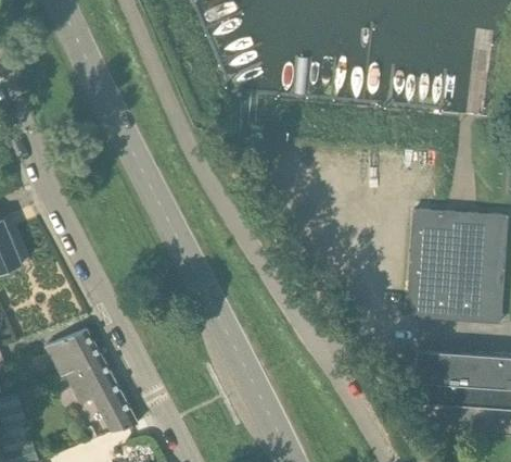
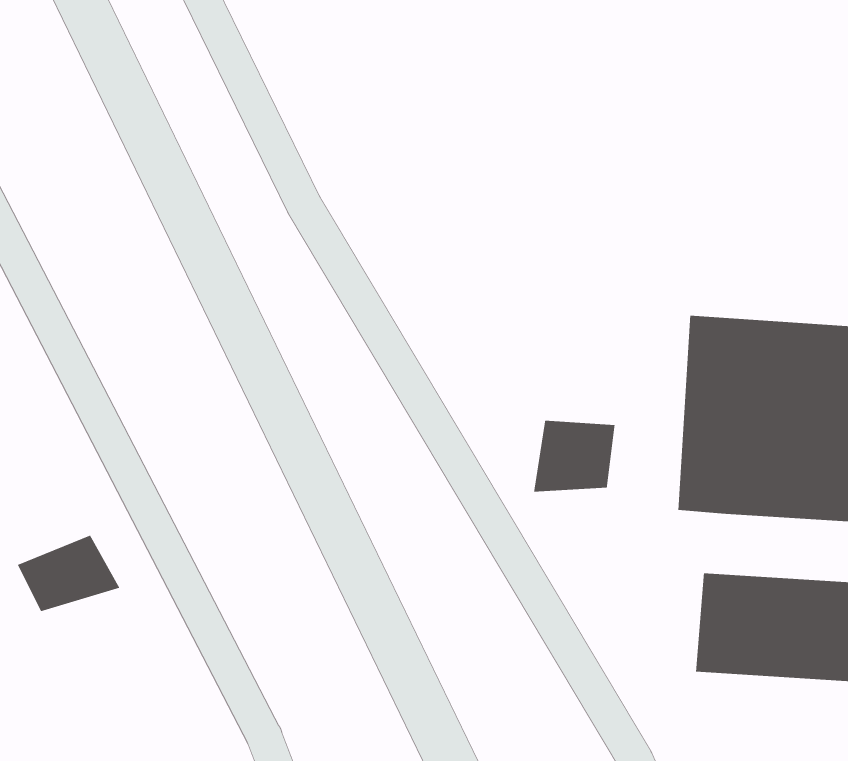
building: none -> [533,420,615,492]
building: [59,359,137,433] -> none

